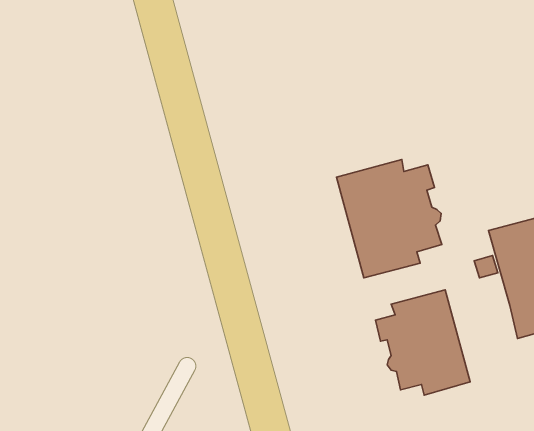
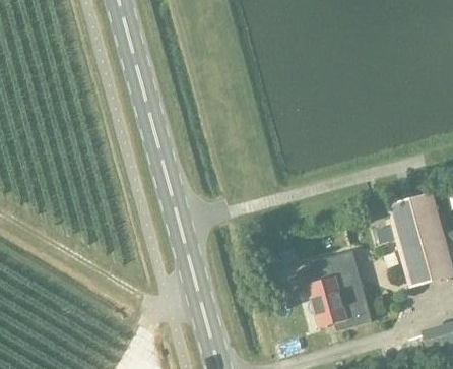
building: [337,159,442,278] -> none

